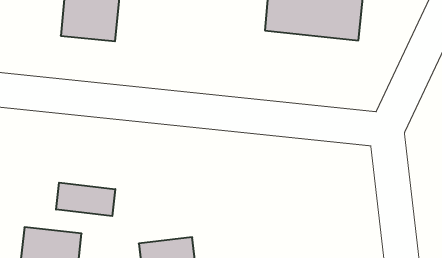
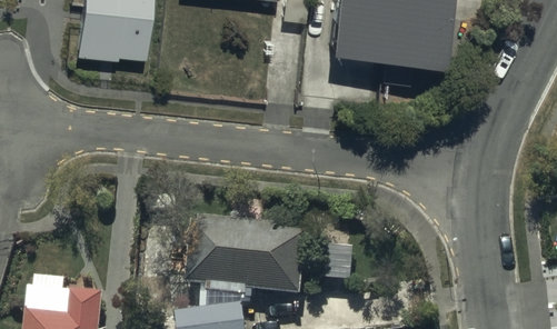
building: none -> [192,218,312,298]
building: [56,183,115,216] -> none

